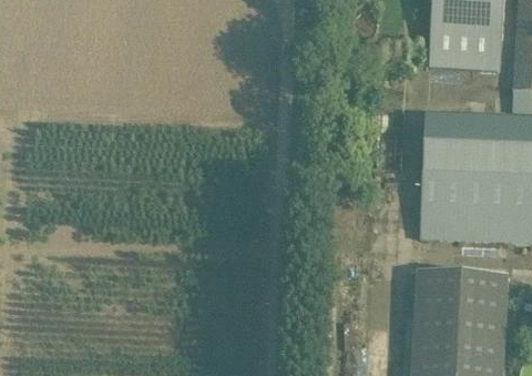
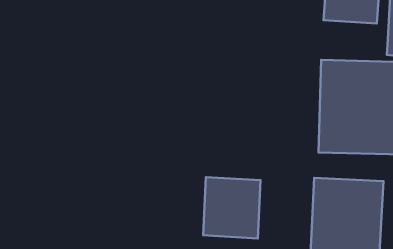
building: none -> [203,177,261,238]

